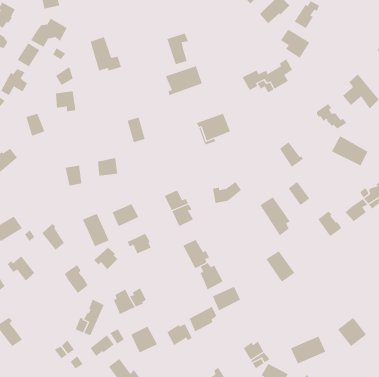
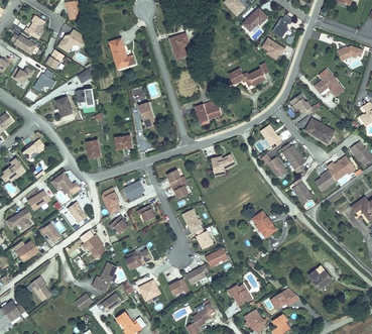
building: [165,65,202,96] -> none
building: none -> [50,171,82,196]
building: [260,196,291,236] -> [280,141,305,174]

